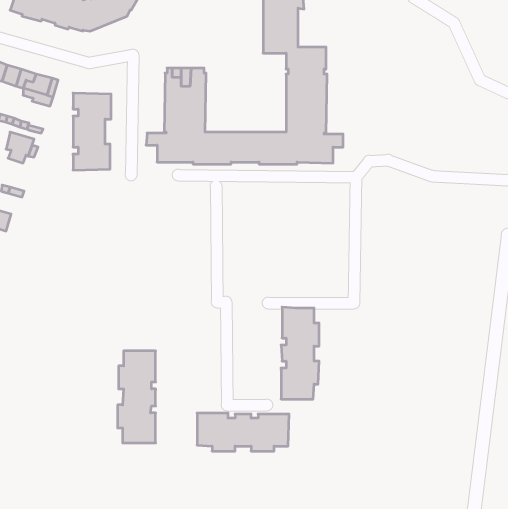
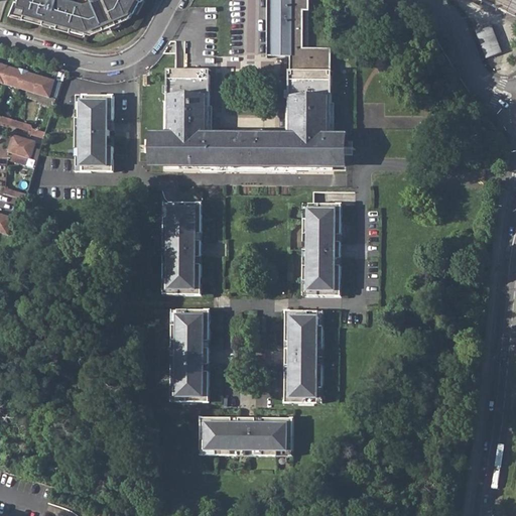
building: none -> [472,22,500,57]
building: none -> [161,202,200,294]
building: none -> [301,203,340,295]
building: [118,351,156,443] -> [169,308,208,401]

